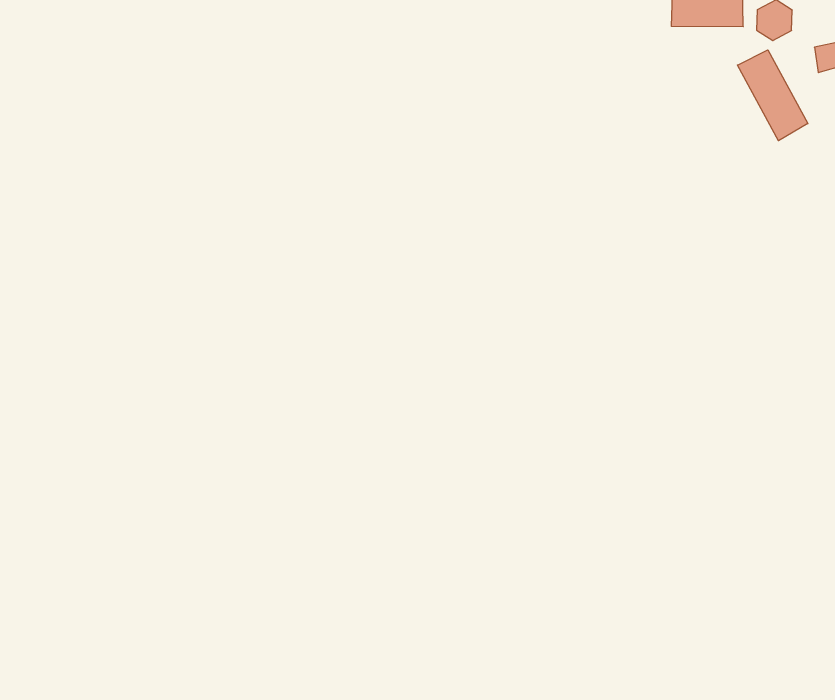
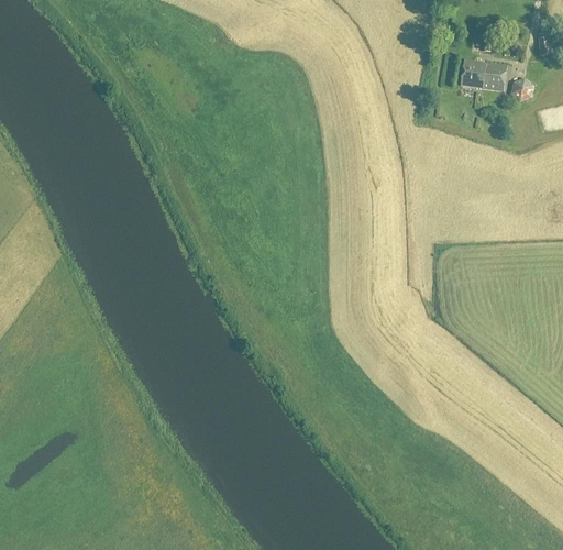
building: [737,50,808,141] -> none

